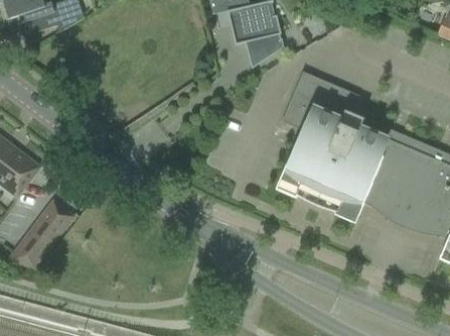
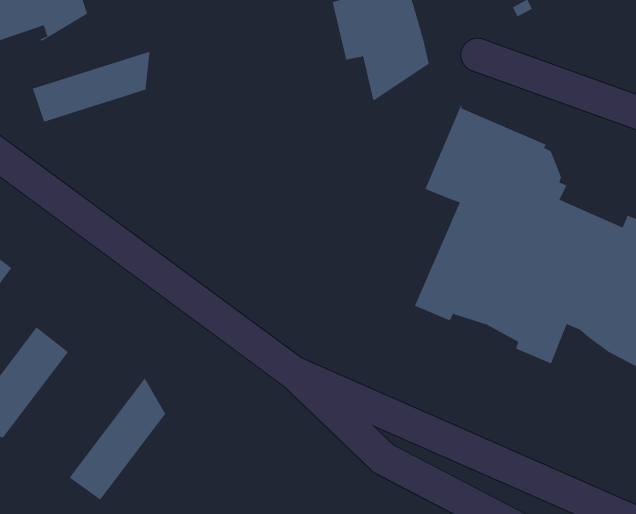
building: none -> [32,51,150,123]
building: none -> [69,377,166,501]

